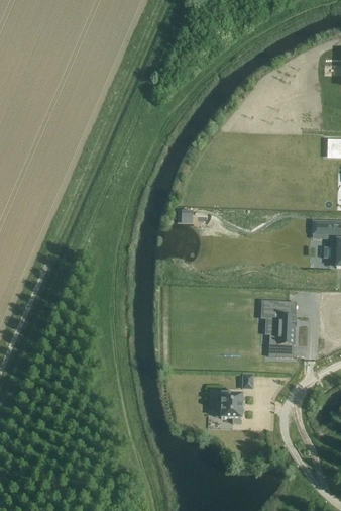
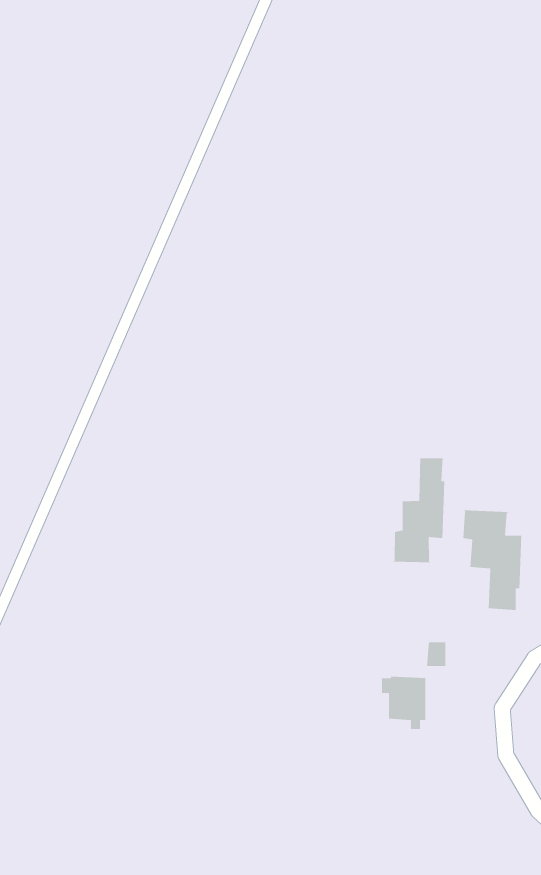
building: none -> [392,457,445,563]

